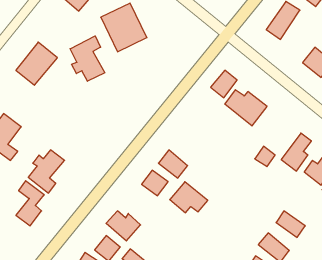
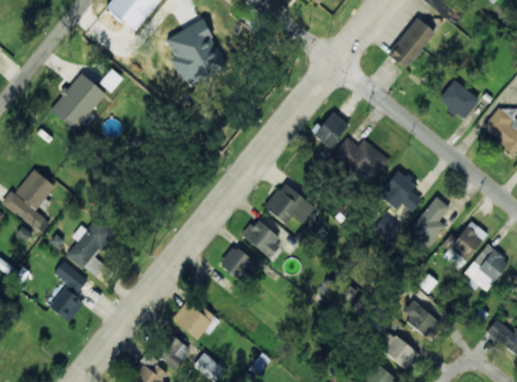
building: [70,36,105,81] -> none
building: none -> [378,169,421,217]
building: [170,182,208,213] -> [264,182,316,224]

